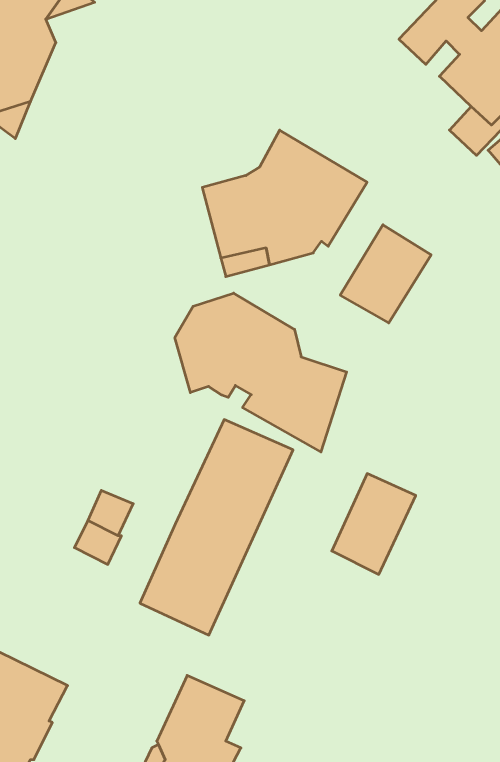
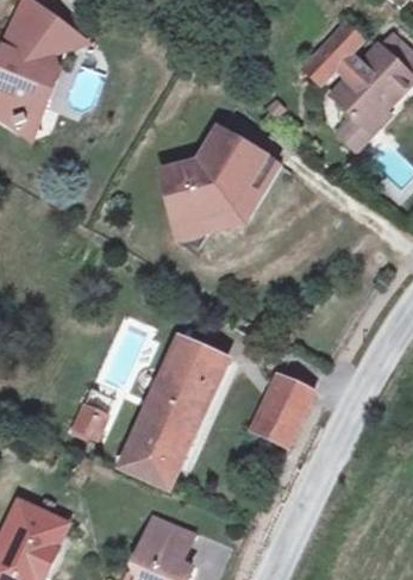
building: [340,225,431,323] -> none
building: [175,293,347,452] -> none

